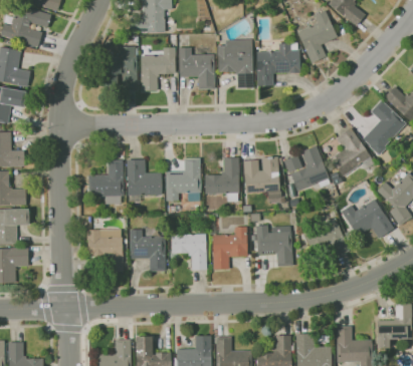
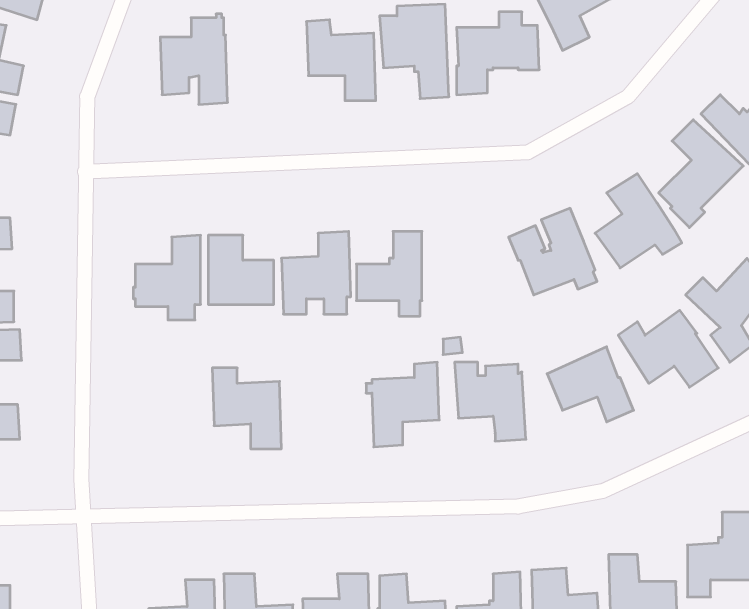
building: [141,47,176,91] -> none
building: [244,156,280,198] -> none
building: [87,229,124,273] -> none
building: [172,234,207,270] -> none

